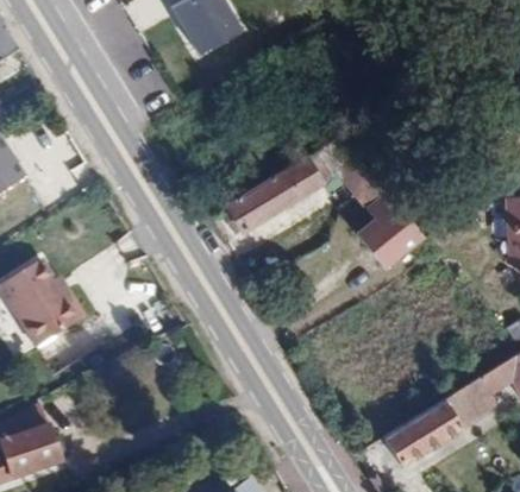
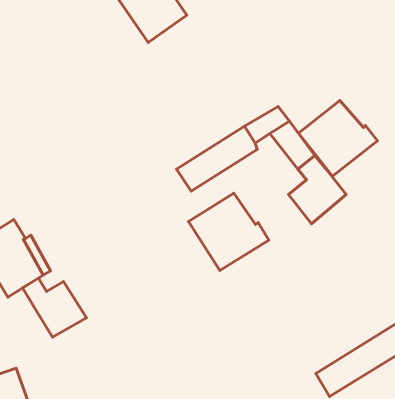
building: none -> [298,101,378,176]
building: none -> [189,193,269,271]
building: none -> [23,278,86,337]

